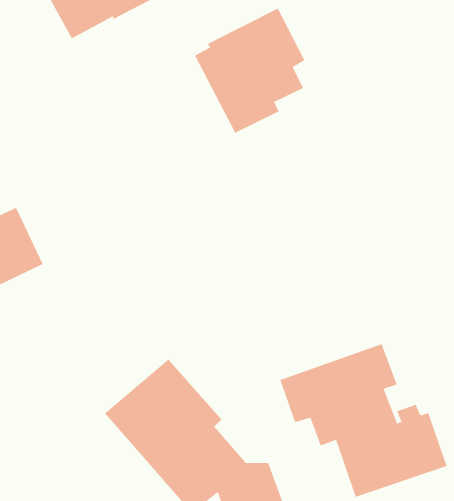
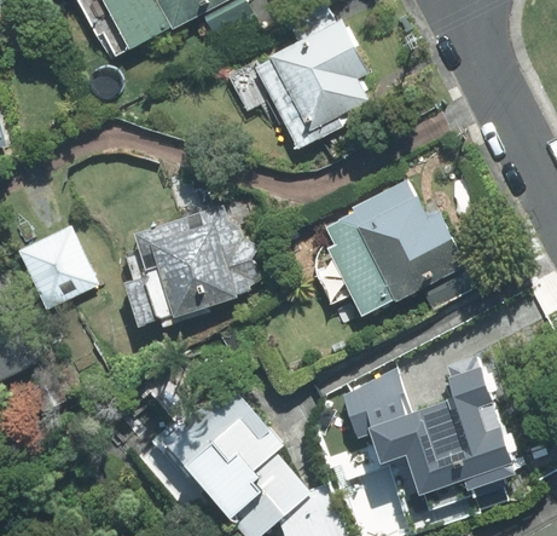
building: none -> [323,179,465,316]
building: none -> [123,203,260,327]

